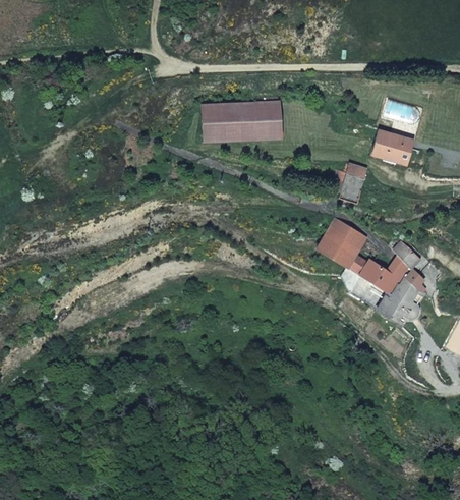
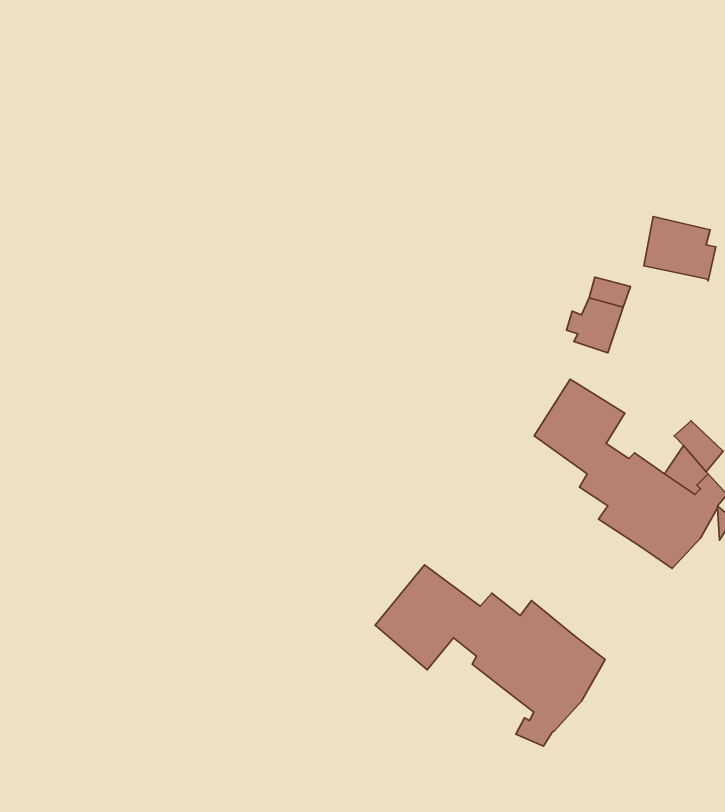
building: [204,102,282,145] -> none
building: none -> [375,565,605,746]

